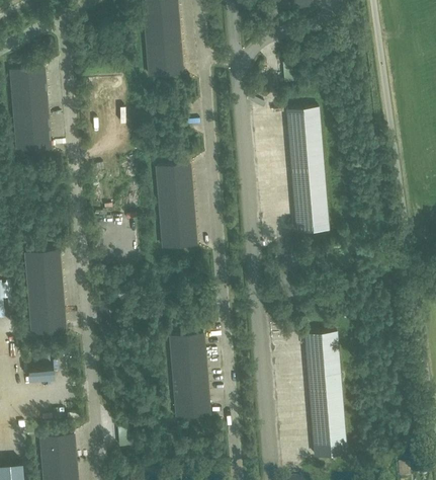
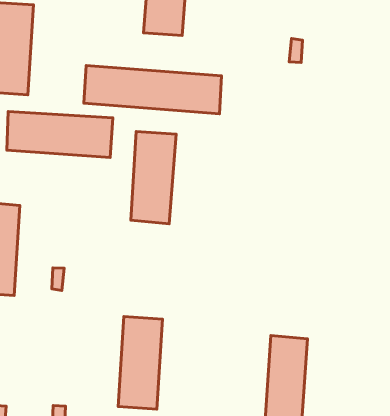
building: none -> [84,65,222,114]
building: [285,107,330,232] -> none
building: none -> [7,112,113,158]

